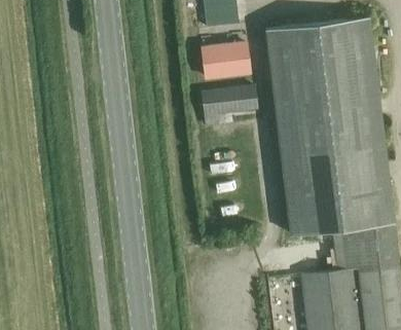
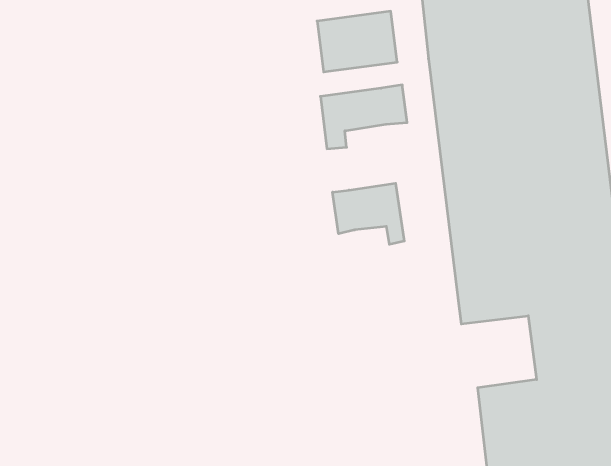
building: none -> [333,183,404,244]

